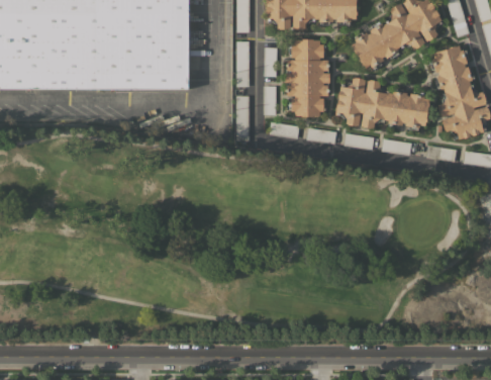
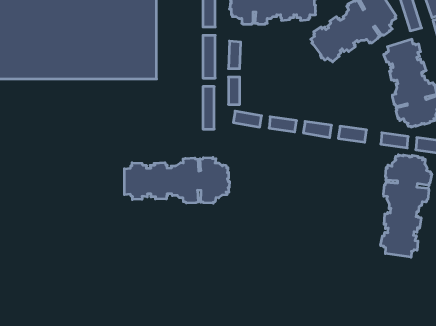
building: [285,39,329,117] -> none
building: [336,78,429,128] -> none
building: none -> [381,155,432,257]
building: none -> [124,157,229,203]

